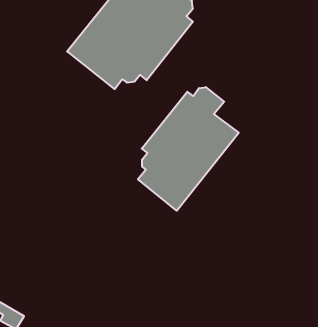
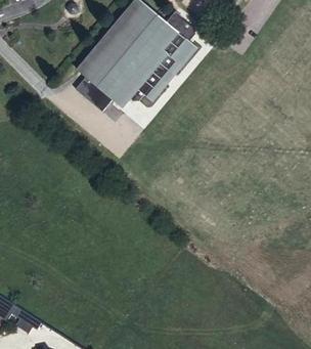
building: [138,87,239,211] -> none

